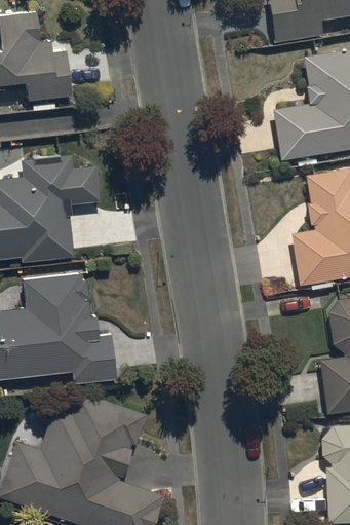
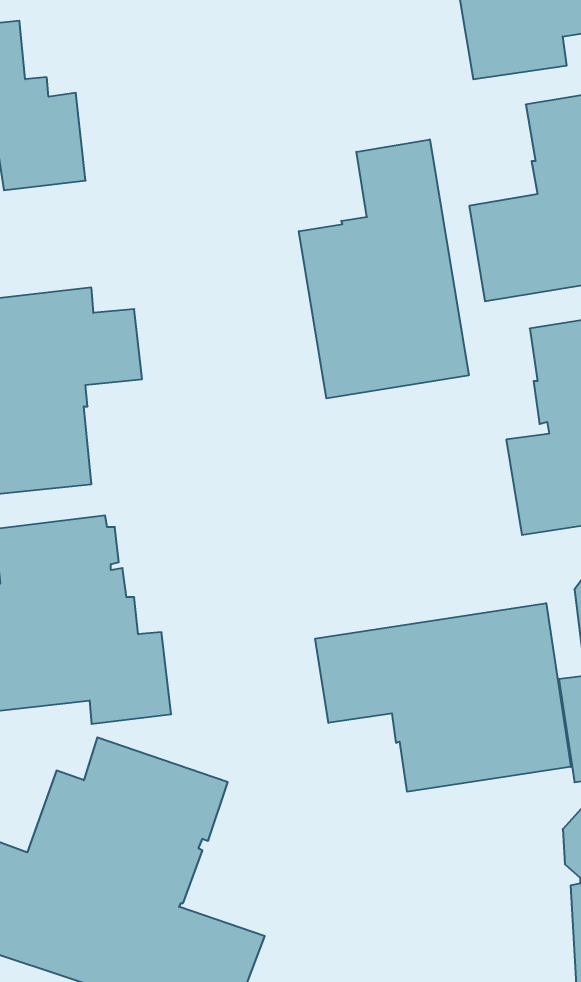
building: none -> [299,139,469,398]
building: none -> [315,603,571,792]

